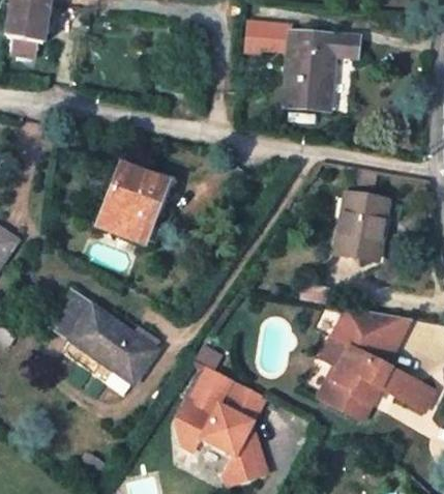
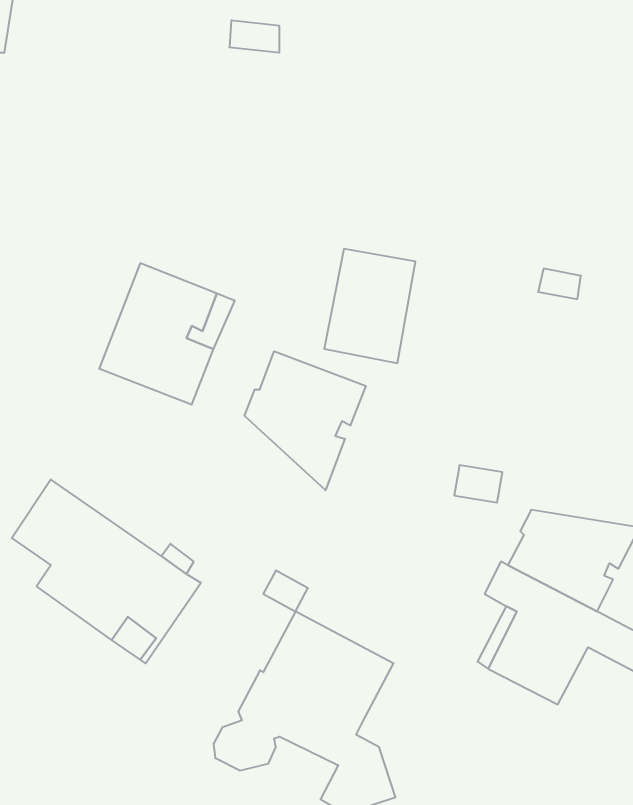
building: [244,23,358,108] -> none
building: [334,193,387,259] -> [324,249,415,363]
building: none -> [244,351,366,490]

